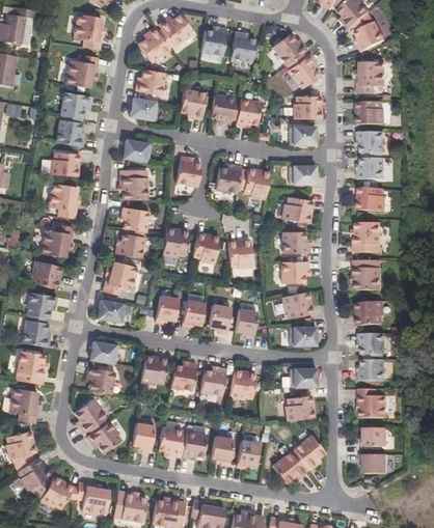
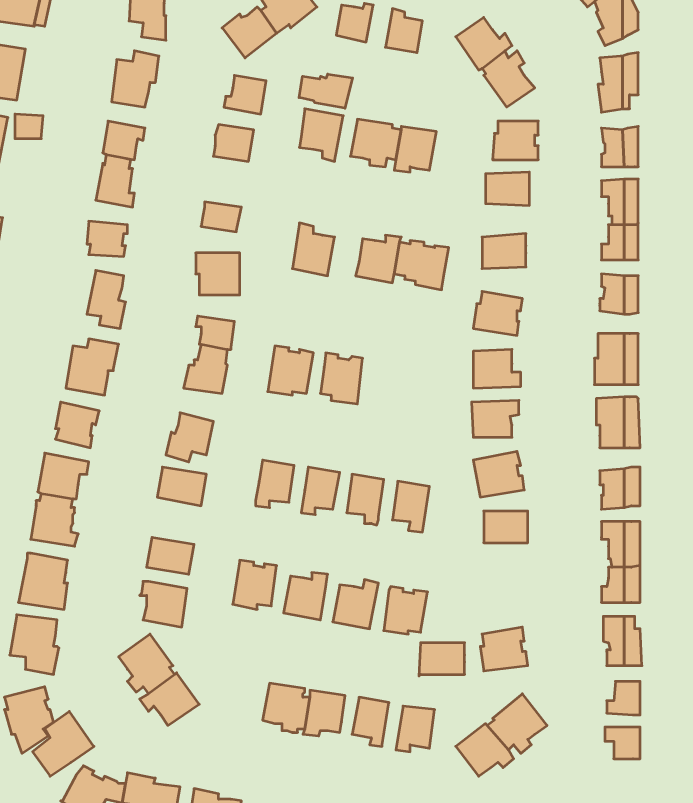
building: none -> [299,74,353,108]
building: [227,240,253,268] -> none
building: [291,368,318,388] -> [419,643,465,676]
building: [132,423,155,453] -> none

